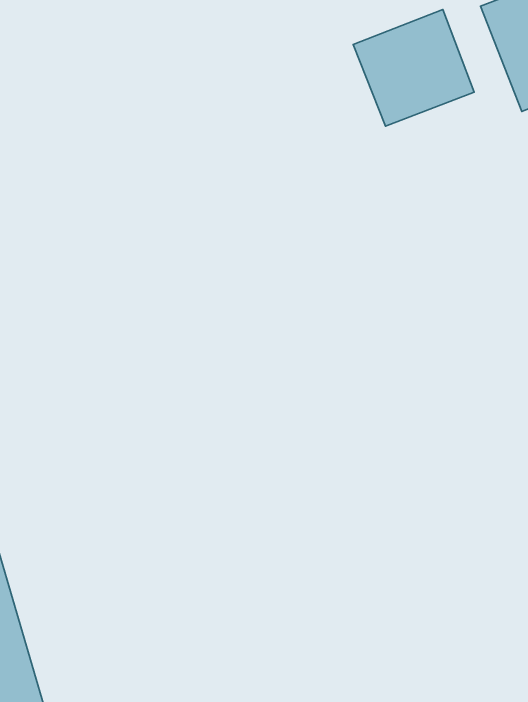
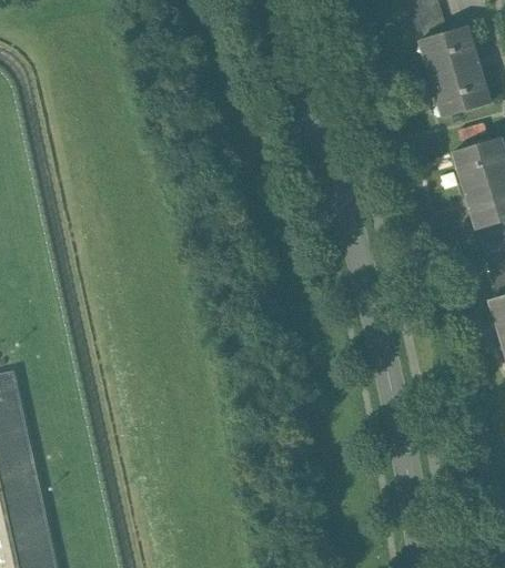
building: [353,9,474,126] -> none

